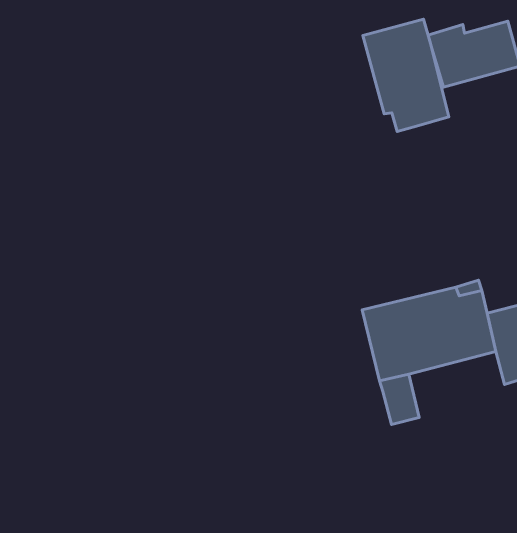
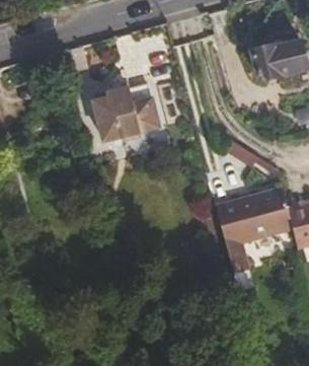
building: [363,19,449,132] -> none
building: none -> [93,81,158,142]

